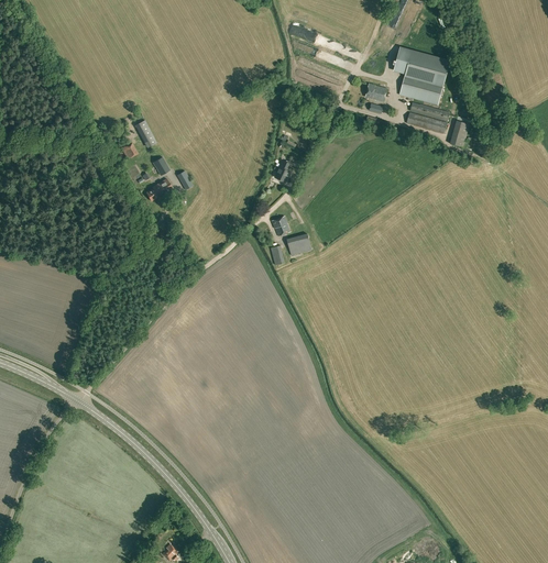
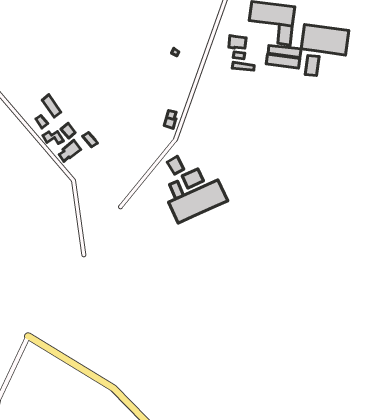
building: [398,73,428,101] -> none
building: none -> [301,24,349,55]
building: none -> [168,180,228,223]

